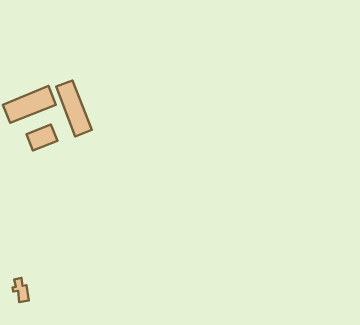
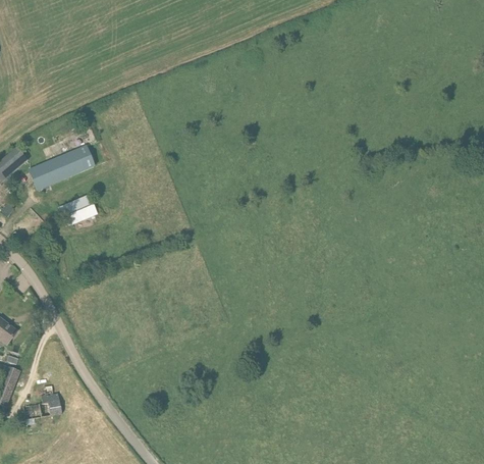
building: [56,81,92,136] -> none

